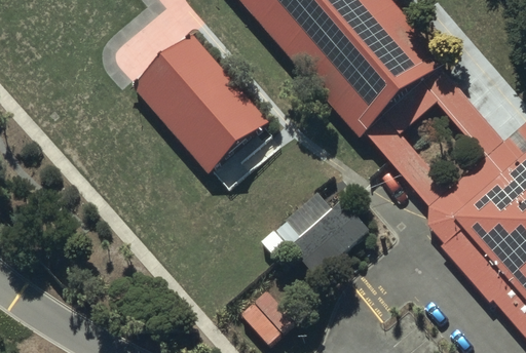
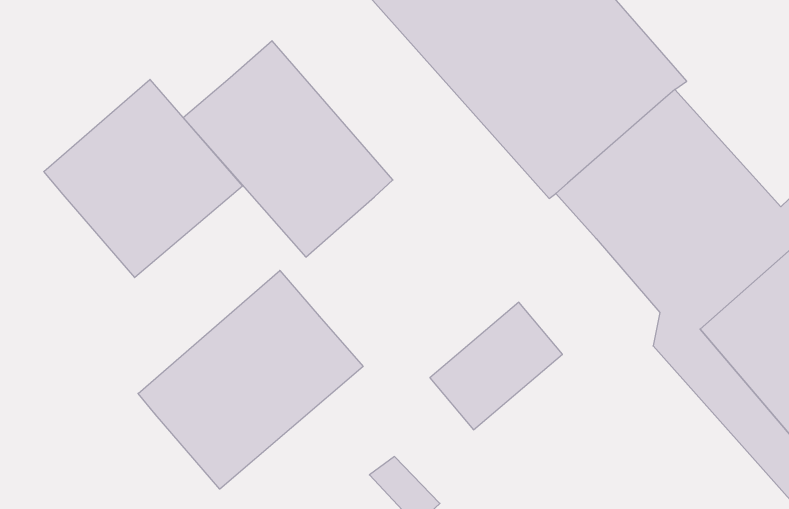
building: none -> [44,79,243,278]
building: none -> [138,270,363,489]

